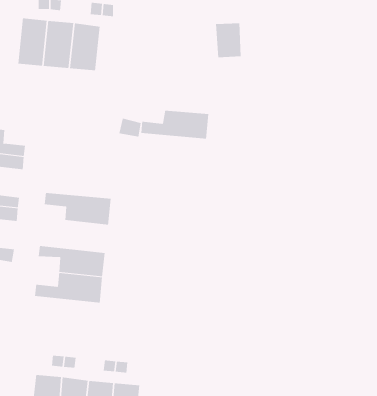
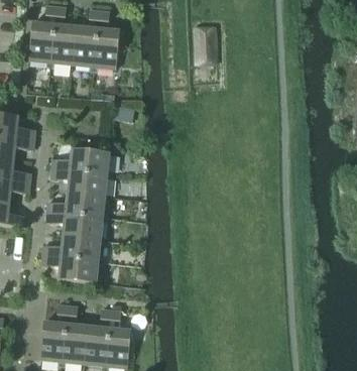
building: none -> [94,28,119,69]
building: [140,110,209,139] -> [51,148,109,172]
building: none -> [46,191,105,218]
building: none -> [41,254,98,281]

